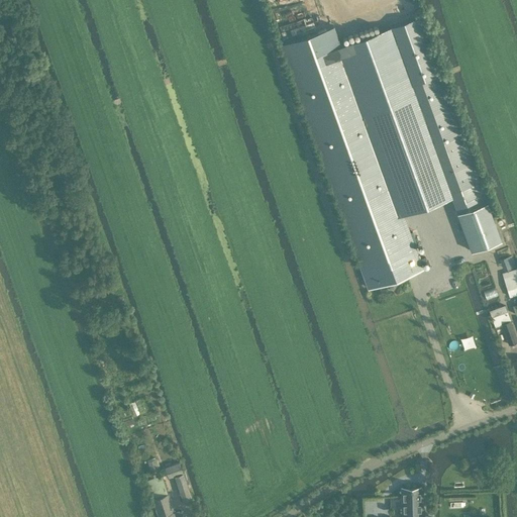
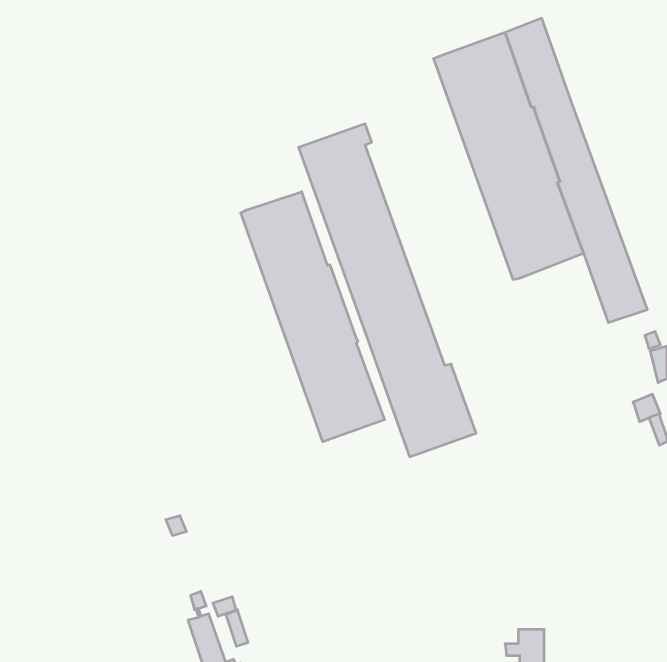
building: [284,33,421,291] -> [299,124,476,457]
building: none -> [241,192,384,442]

